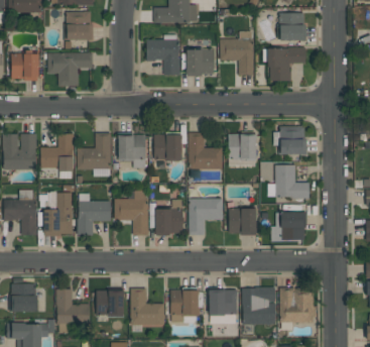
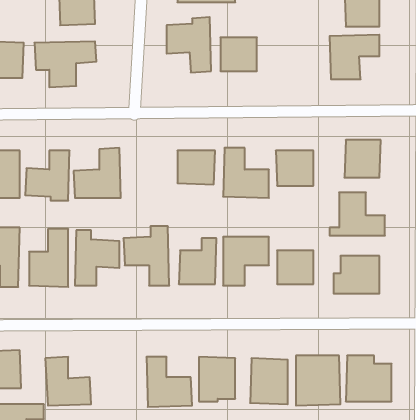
building: [220,32,253,75] -> none
building: [119,135,146,168] -> none
building: [97,292,124,315] -> none

